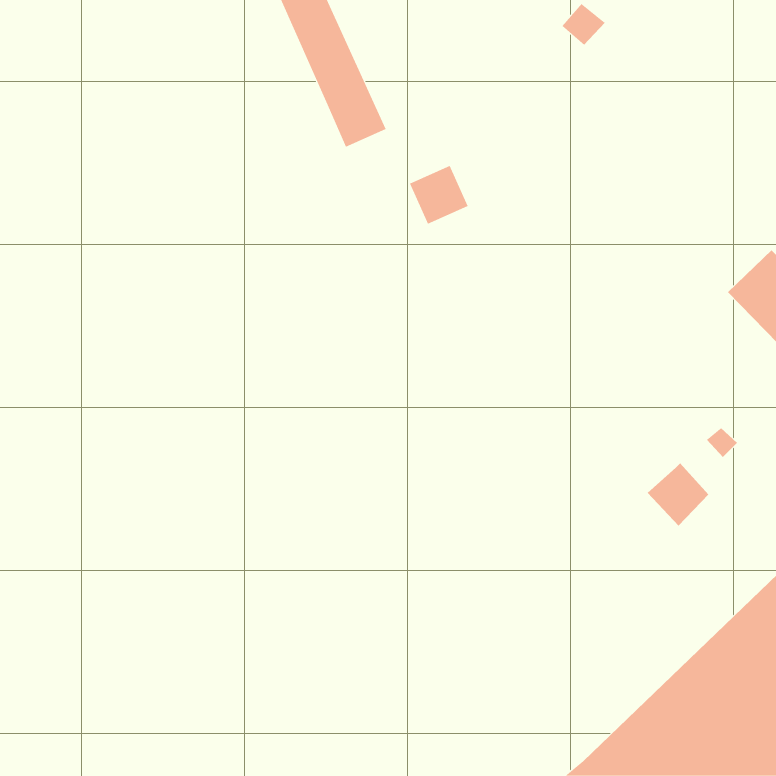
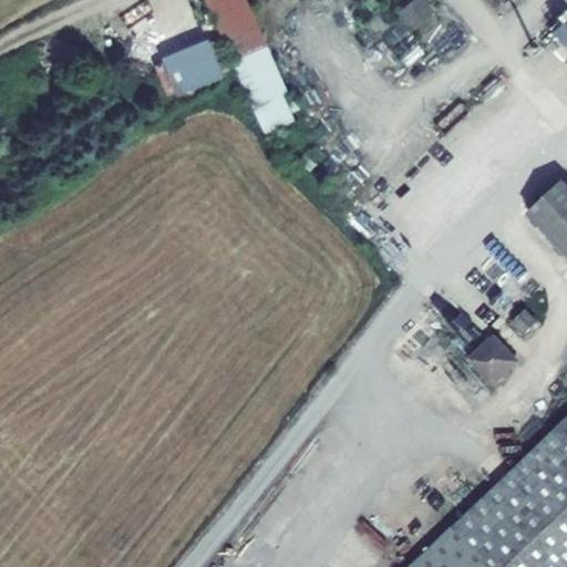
building: none -> [157,39,223,97]
building: [409,165,468,224] -> [252,94,296,137]

